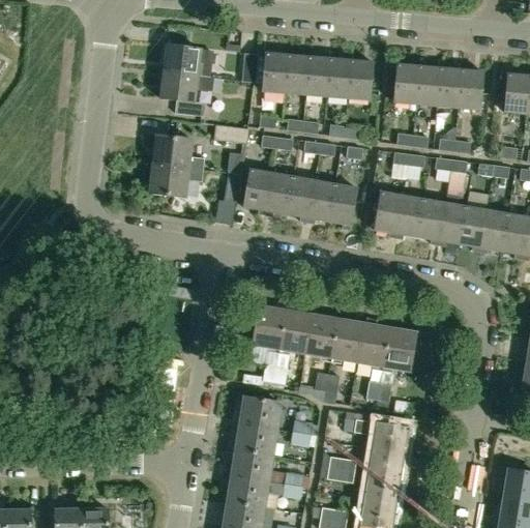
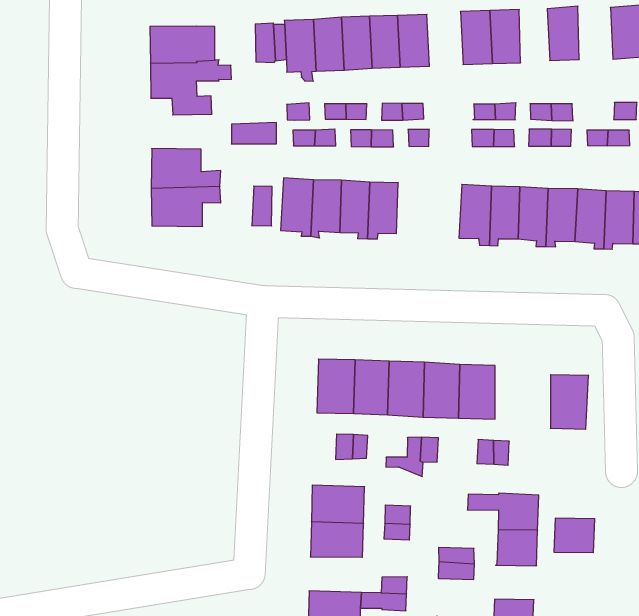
building: [436,67,461,108] -> none
building: [328,183,356,229] -> none
building: [383,327,416,371] -> [550,375,589,429]
building: [230,450,272,481] -> none
building: [365,474,399,503] -> [554,518,595,553]

